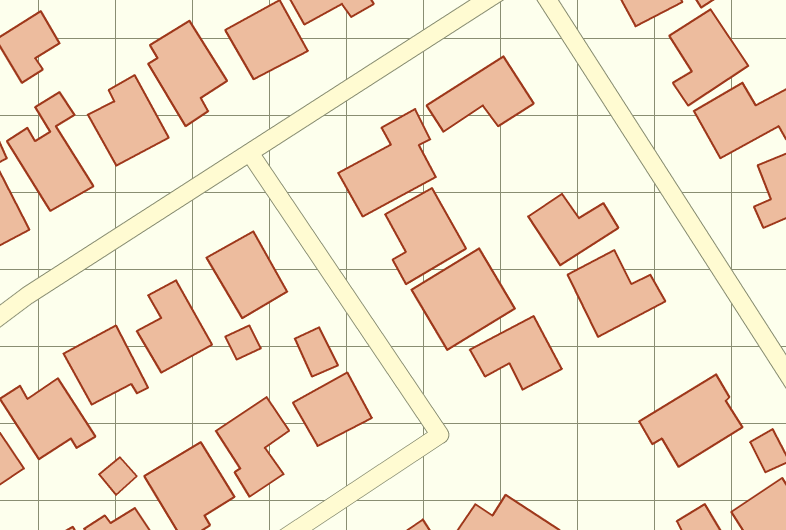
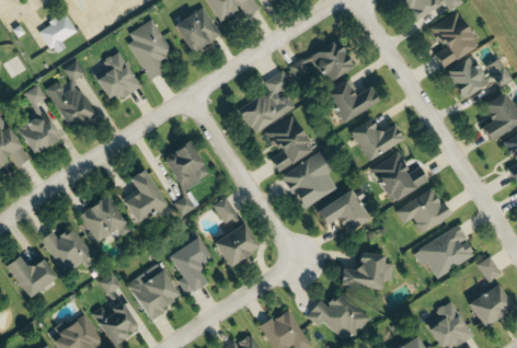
building: none -> [325,79,377,124]
building: none -> [397,187,450,233]
building: none -> [340,253,393,290]

